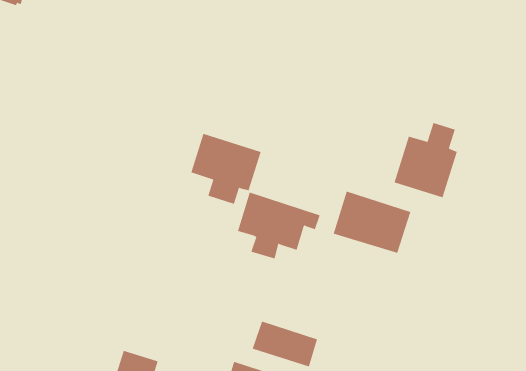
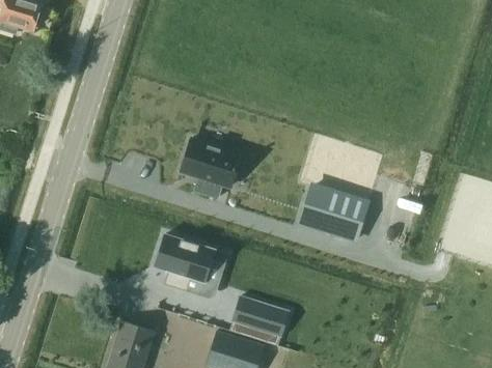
building: [394,122,457,198] -> none
building: [237,192,320,259] -> [155,233,225,290]

